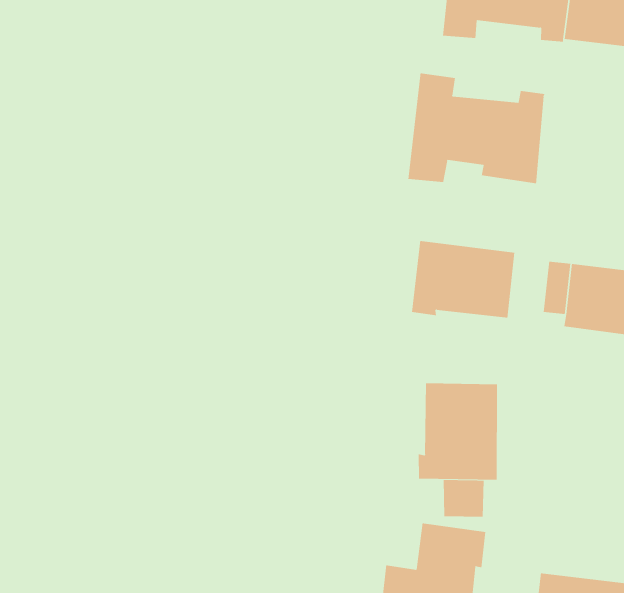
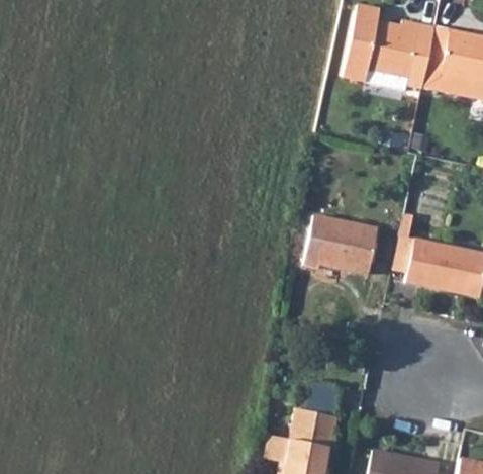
building: [408,73,545,184] -> none
building: [418,382,498,480] -> none

